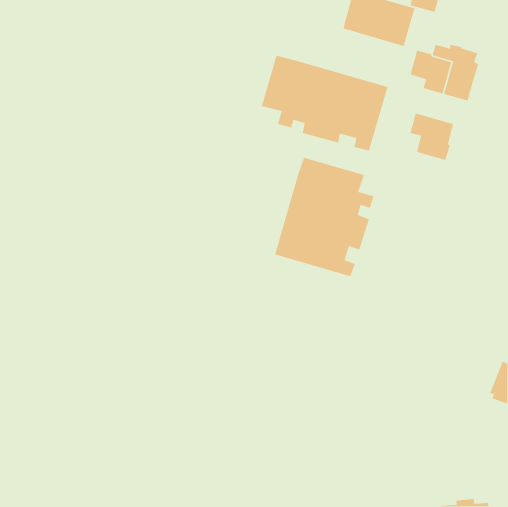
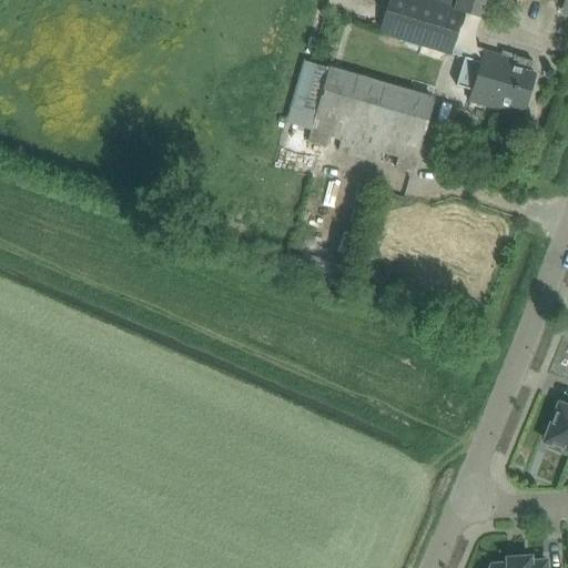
building: [409,112,454,161] -> none
building: [274,157,375,277] -> none

